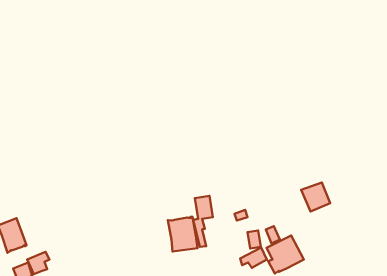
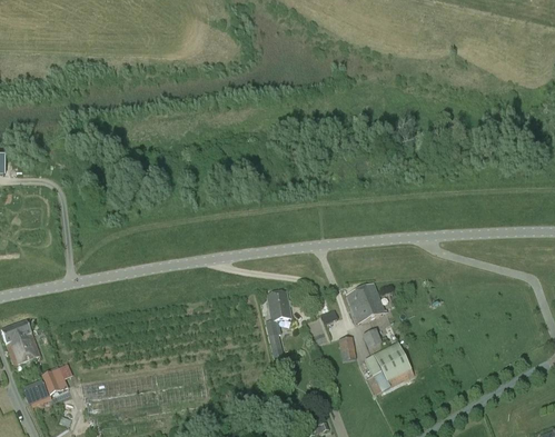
building: [301,182,330,211] -> [346,284,385,322]
building: [168,217,197,252] -> none
building: [240,248,267,268] -> none

